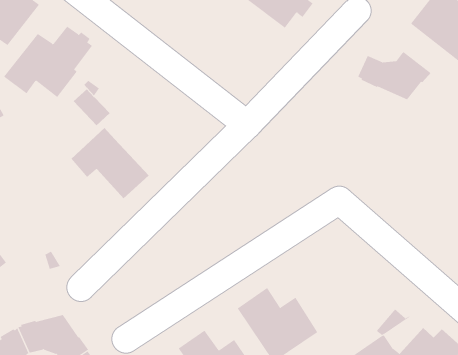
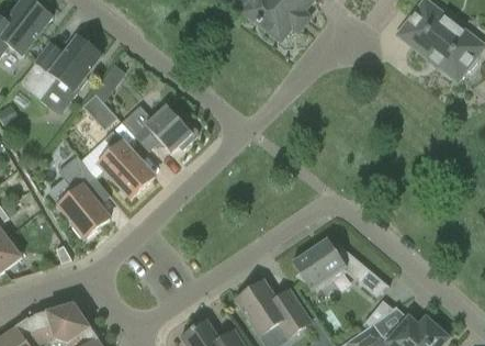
building: [357,42,431,100] -> none
building: none -> [122,104,199,154]
building: none -> [49,155,110,241]
building: none -> [292,238,390,297]

